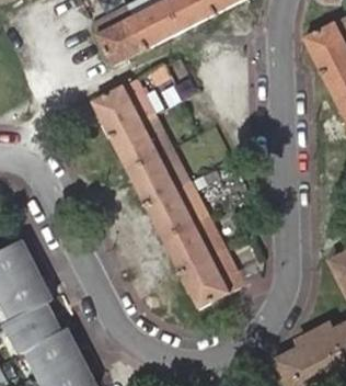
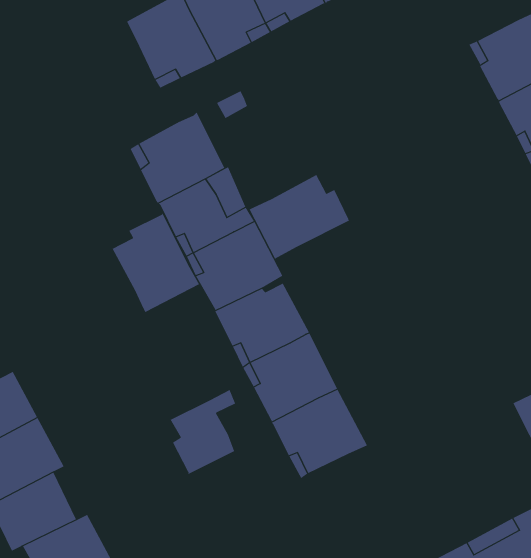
building: none -> [249,174,351,260]
building: none -> [112,213,200,313]
building: none -> [170,389,236,475]

